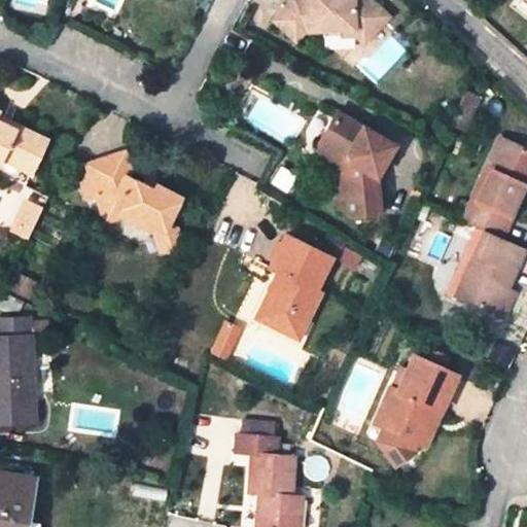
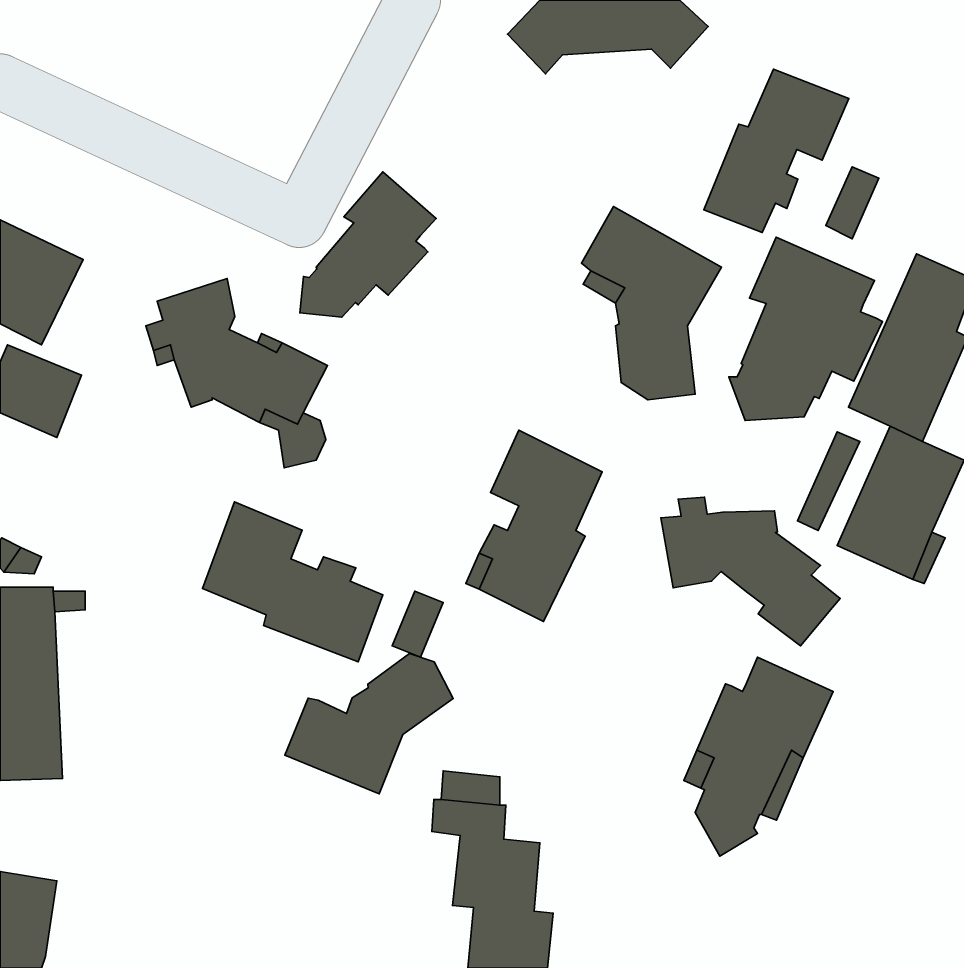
building: none -> [704,69,849,233]
building: none -> [300,172,436,317]
building: none -> [729,237,882,420]
building: none -> [661,497,840,646]
building: none -> [203,502,383,662]
building: none -> [285,654,453,794]

